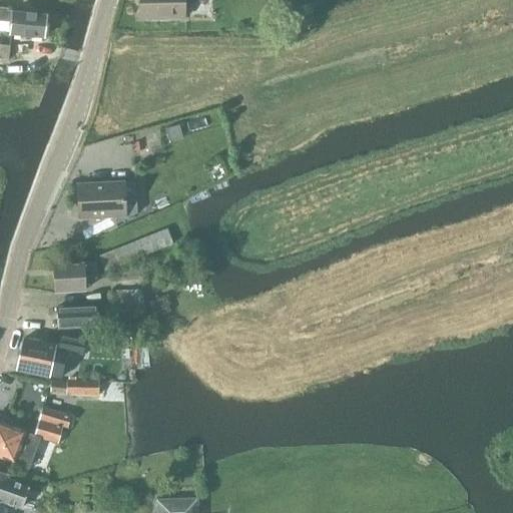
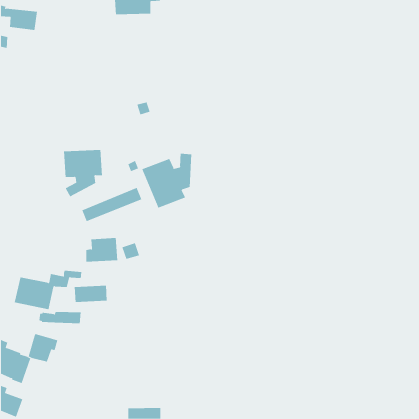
building: none -> [142,153,192,209]
building: [54,263,98,291] -> none
building: [56,306,97,327] -> [74,285,108,302]

